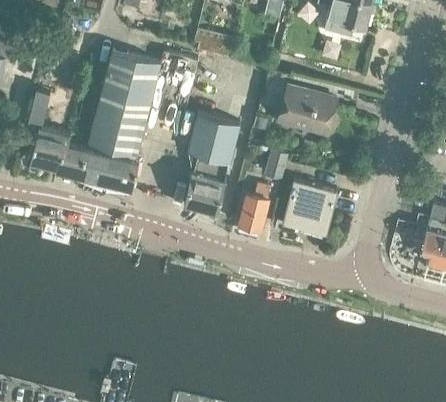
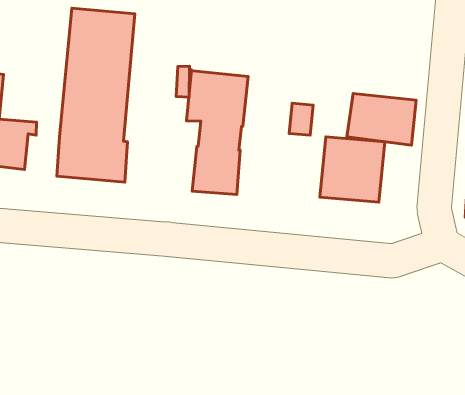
building: [278,87,336,134] -> [347,93,416,145]
building: [56,142,87,178] -> none
building: [239,184,270,231] -> none

